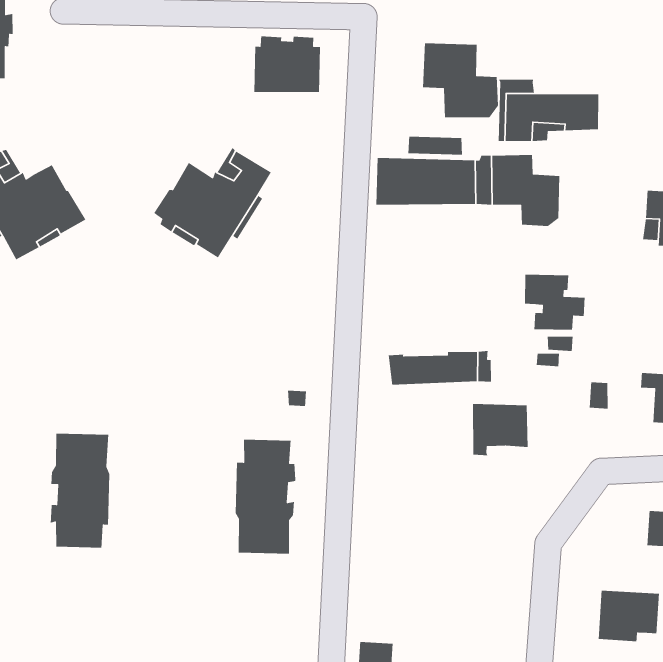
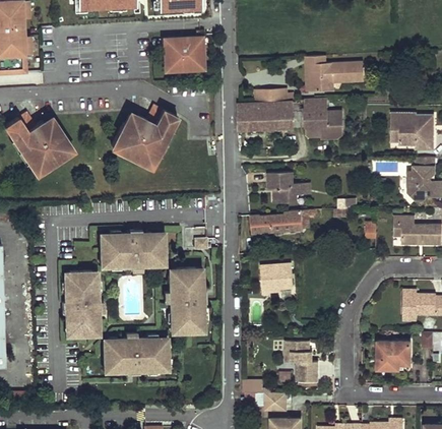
building: [422,43,499,118] -> none
building: [524,274,586,331] -> [269,172,305,204]
building: none -> [100,232,165,266]
building: [472,403,529,456] -> [262,265,296,296]
building: none -> [103,338,168,372]
building: none -> [288,342,321,382]

